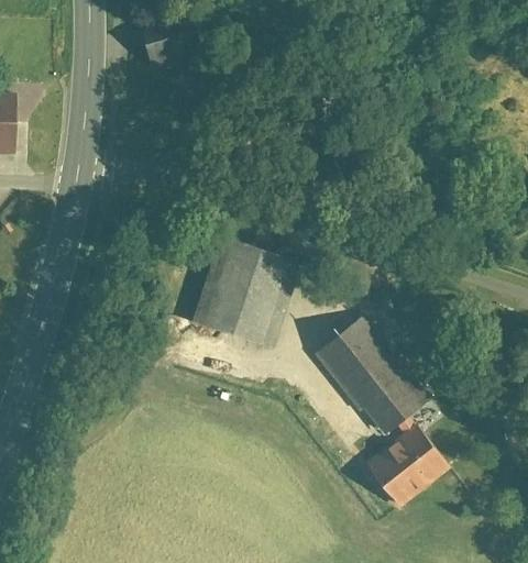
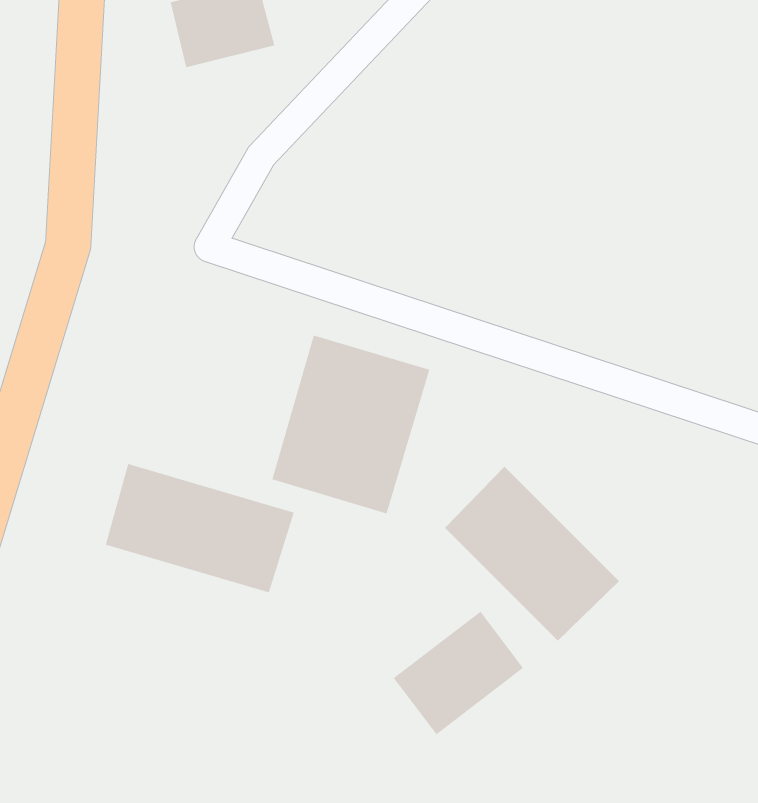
building: none -> [105,463,295,593]
building: [367,429,451,508] -> [393,611,524,735]

